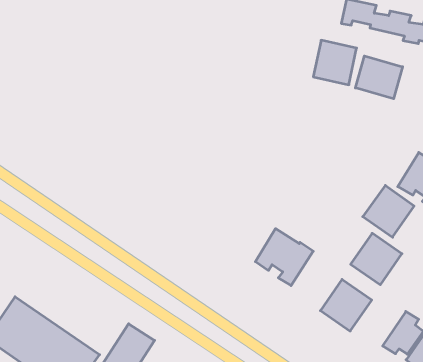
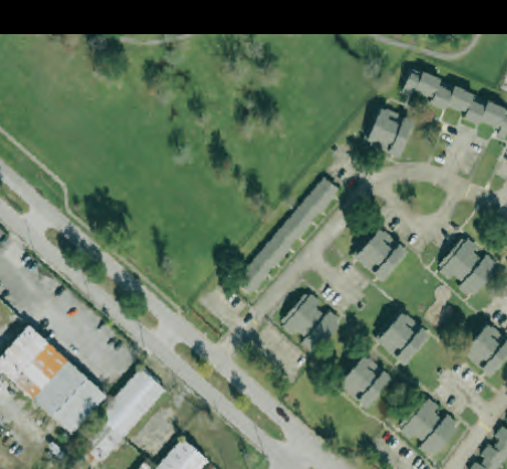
building: [355,56,403,99] -> none
building: none -> [236,175,339,295]
building: [363,185,414,237] -> [354,227,408,281]

